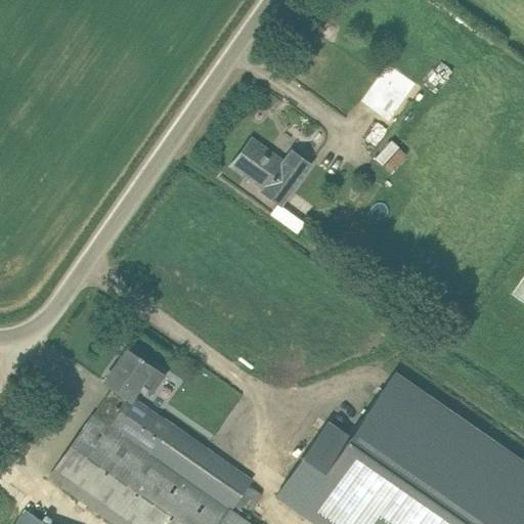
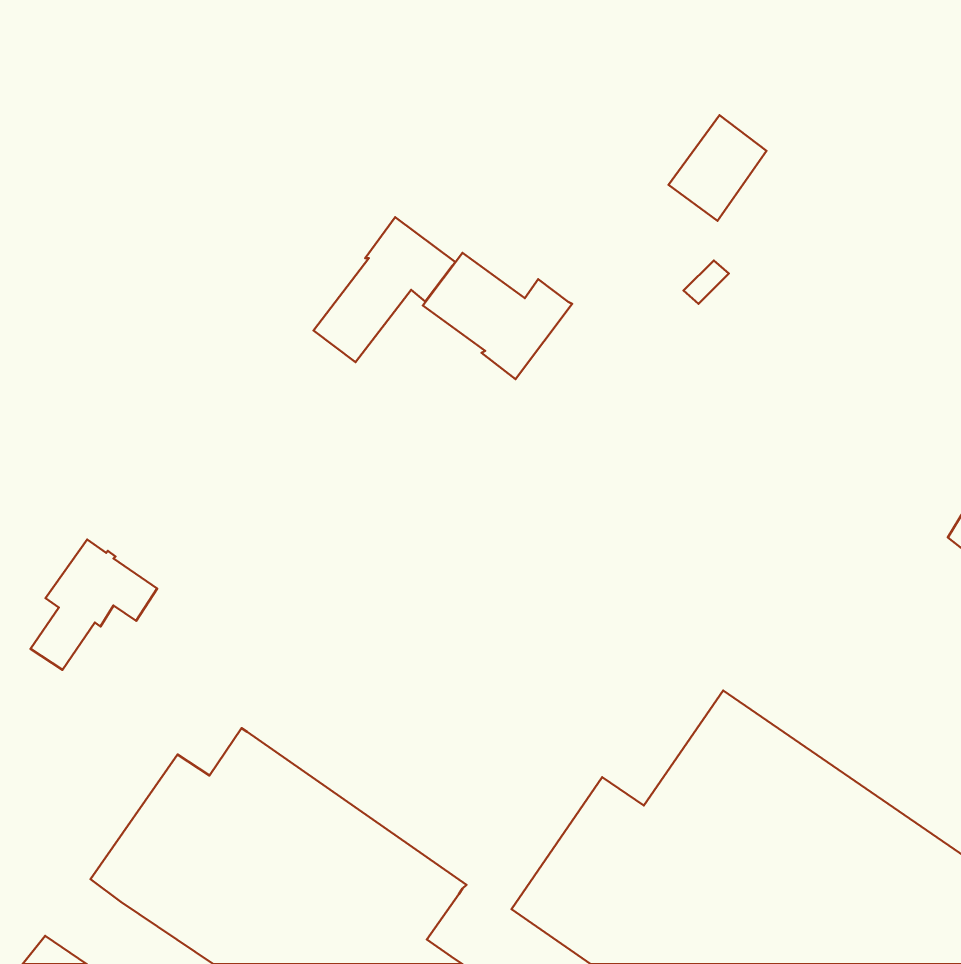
building: none -> [313,217,455,362]
building: [98,350,167,421] -> [31,540,157,670]

